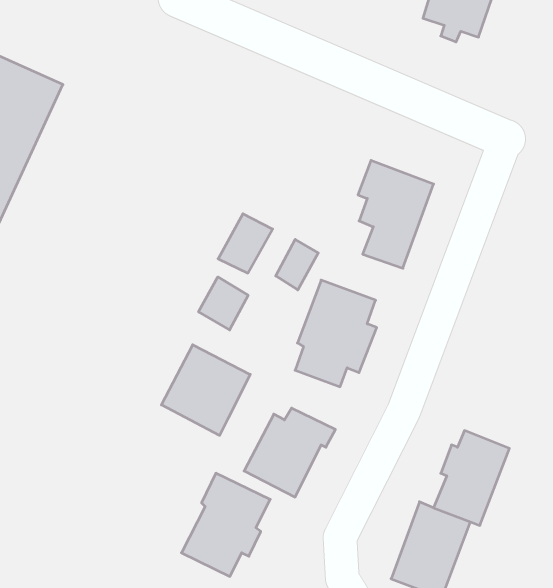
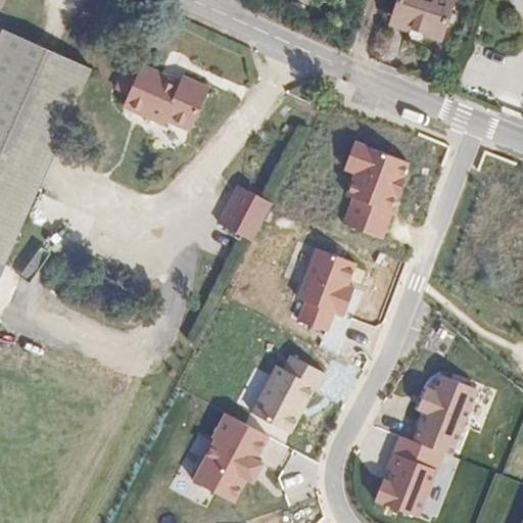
building: none -> [126,64,208,127]
building: [276,239,318,290] -> none
building: [199,277,248,330] -> none
building: [161,345,250,435] -> none

